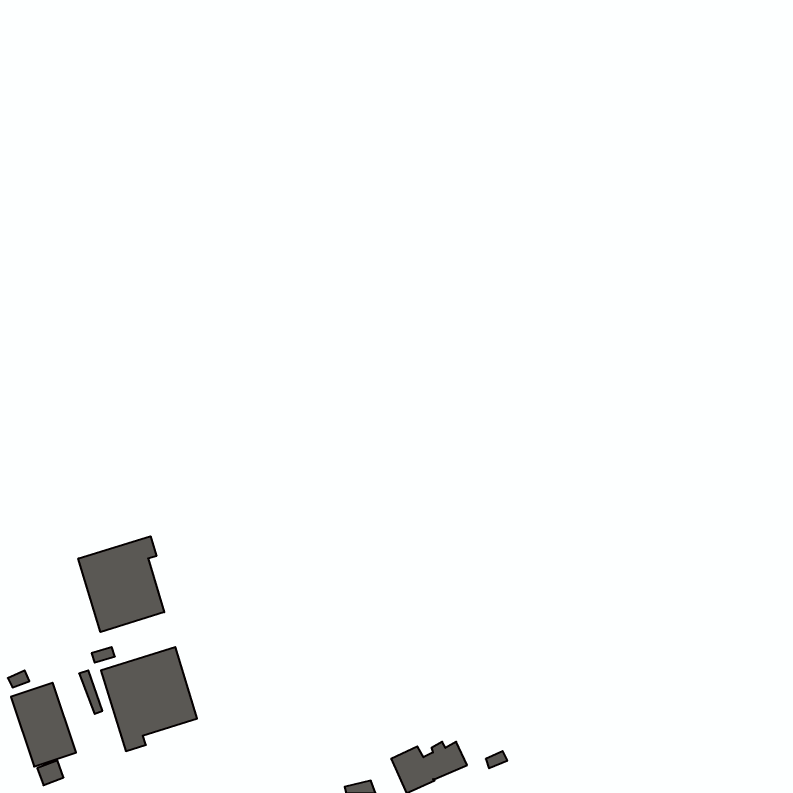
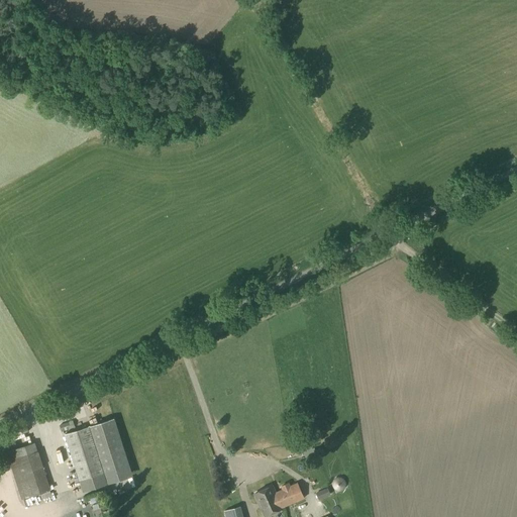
building: [78,536,164,632] -> none

